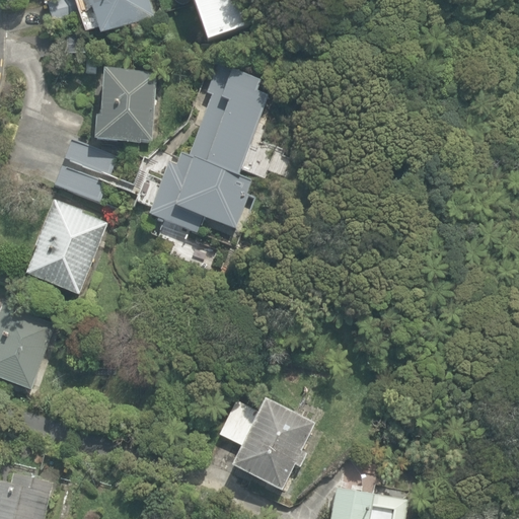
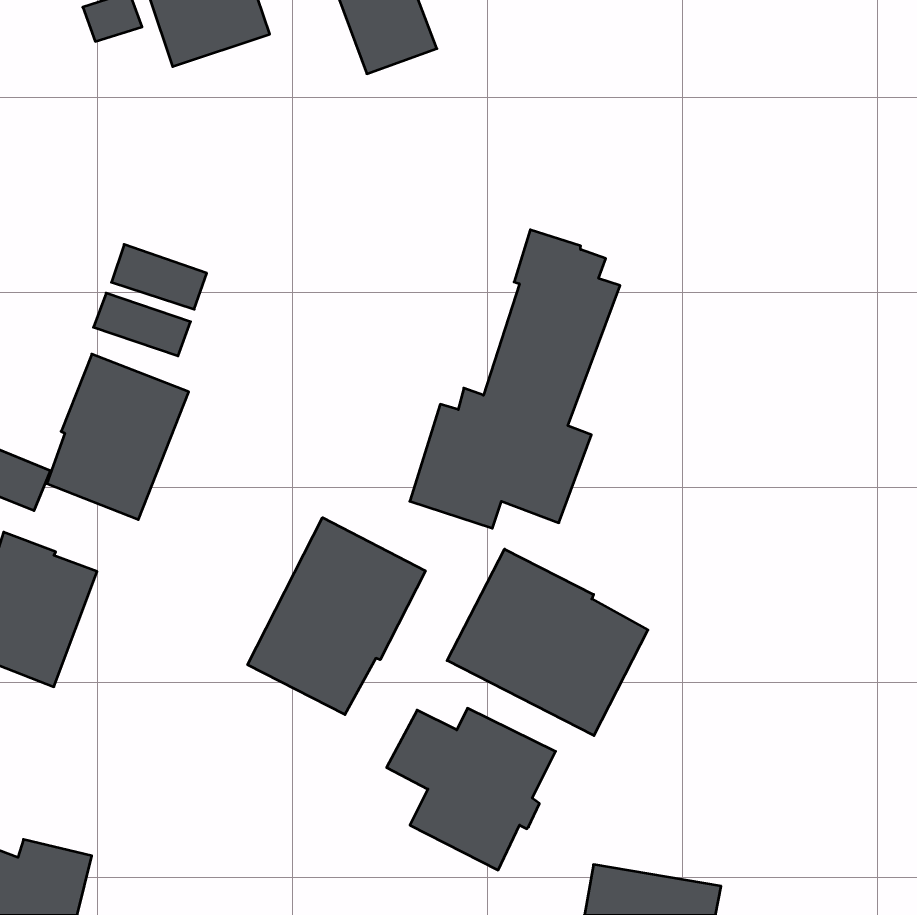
building: [149,63,268,231] -> [410,230,620,528]
building: [94,68,155,143] -> none
building: none -> [248,518,425,715]
building: none -> [447,549,648,736]

